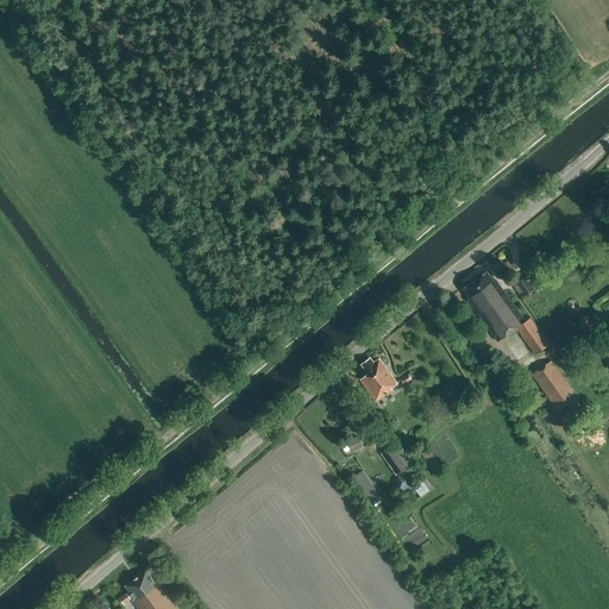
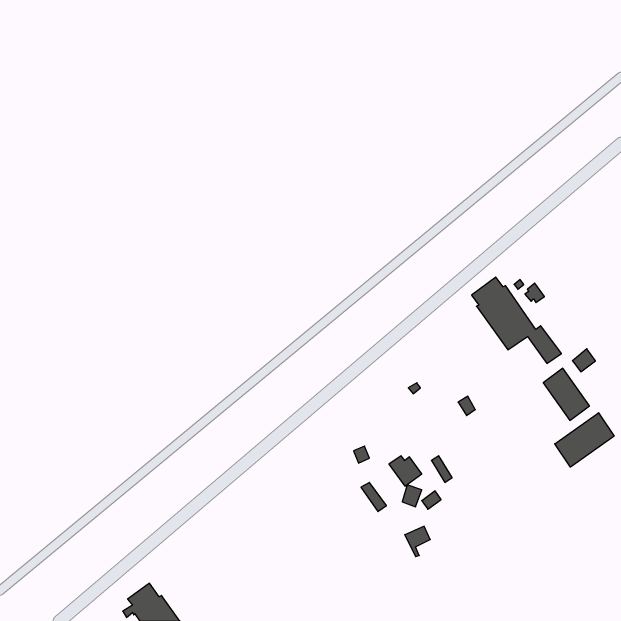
building: [360,358,397,401] -> none
building: none -> [555,413,614,467]

